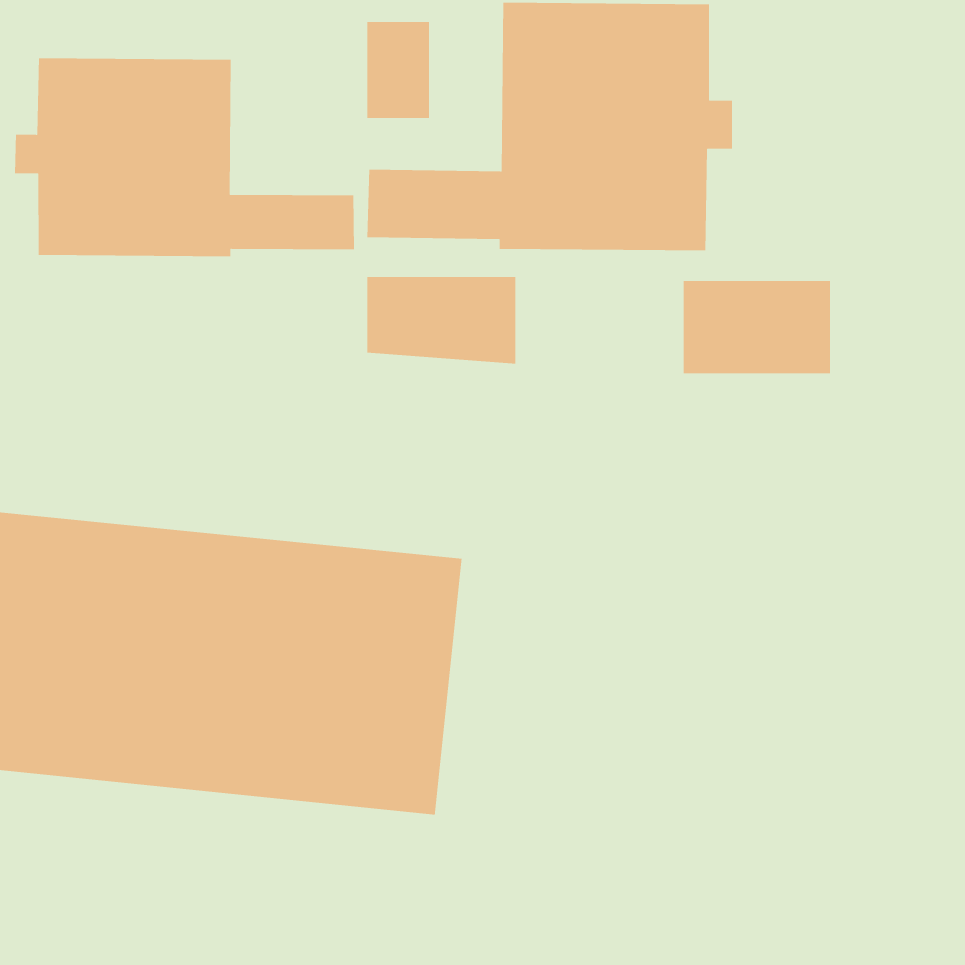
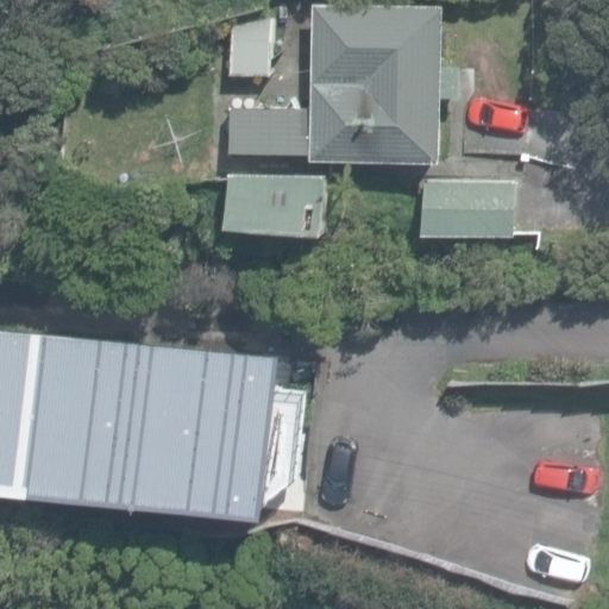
building: [14,58,355,257] -> none

